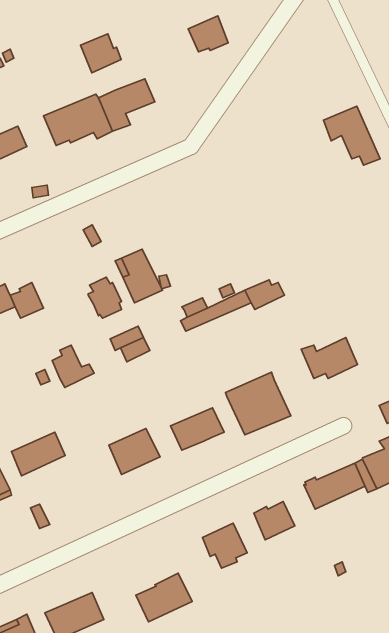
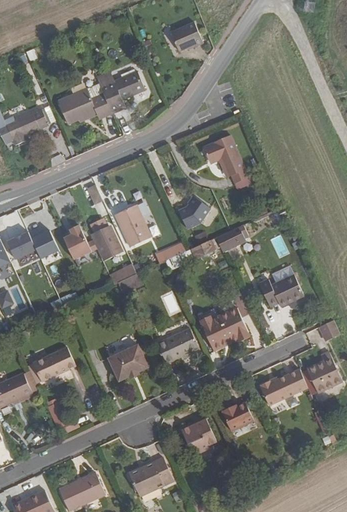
building: [80,34,121,73] -> none
building: [324,106,380,165] -> [203,135,247,181]
building: none -> [177,195,208,228]
building: [52,345,94,387] -> [63,225,96,258]

